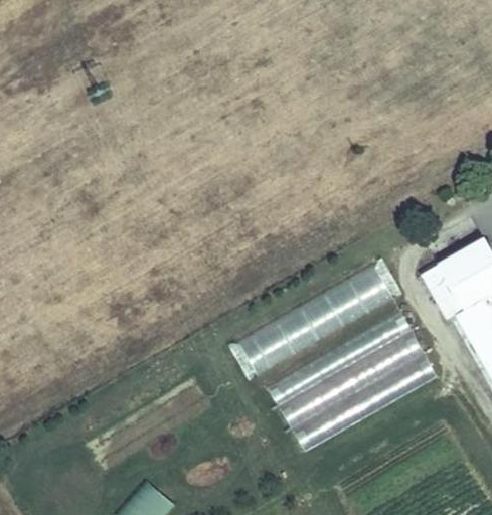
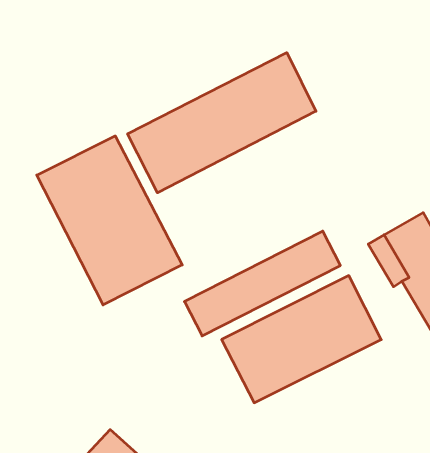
building: none -> [128,53,316,193]
building: none -> [37,136,182,305]

